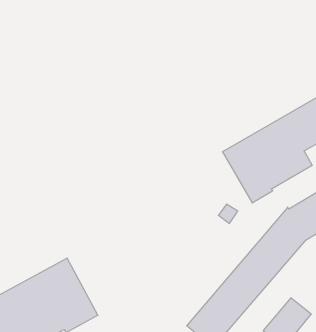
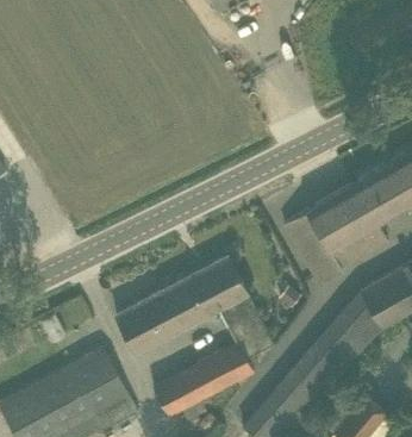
building: none -> [117,255,274,414]

